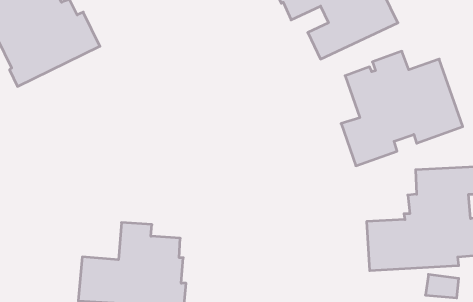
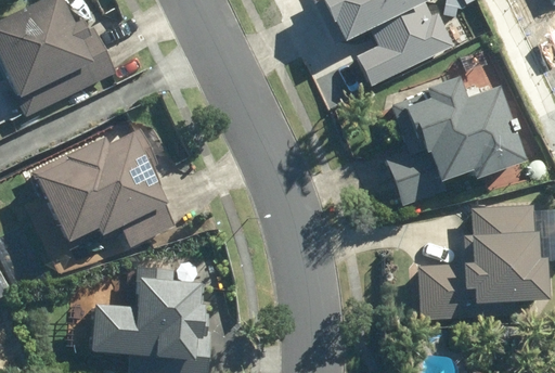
building: none -> [34,128,179,250]

